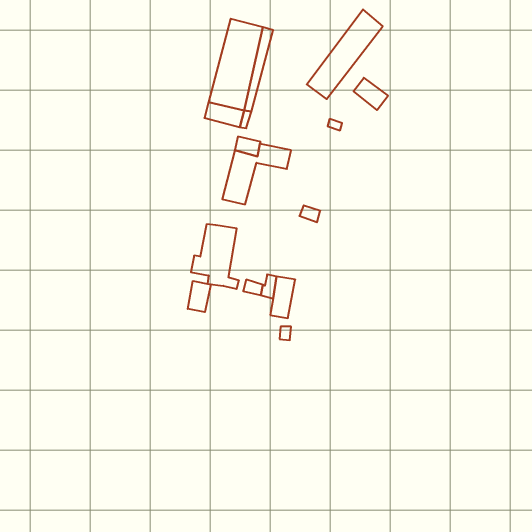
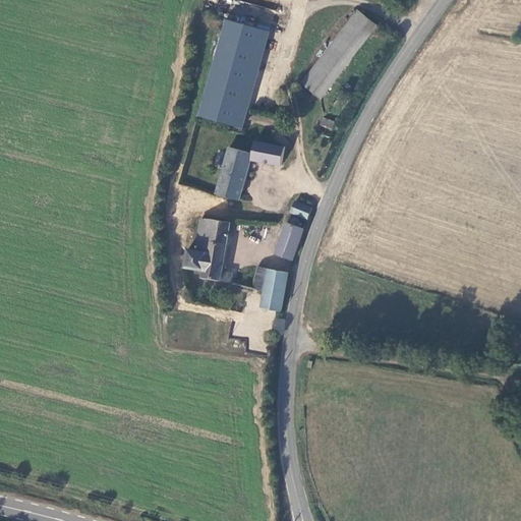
building: [354,78,388,110] -> none
building: none -> [276,220,304,260]
building: [188,281,211,312] -> none

